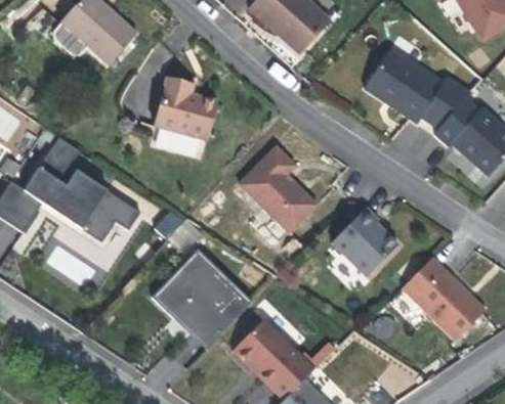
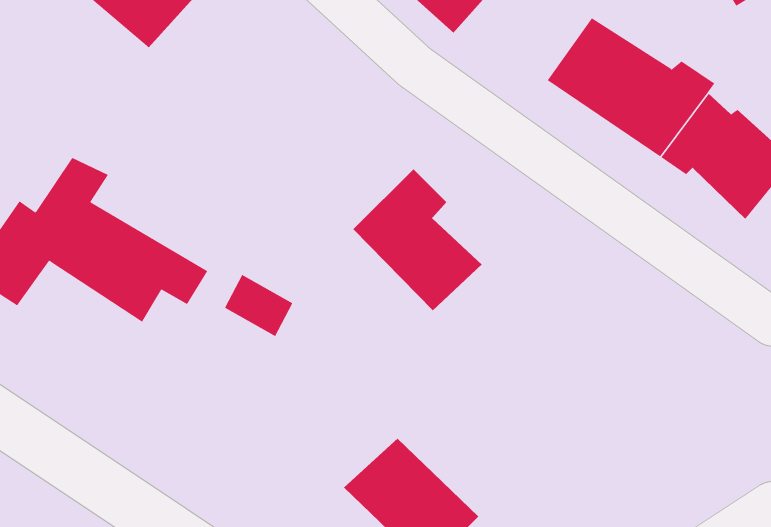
building: [155,81,218,141] -> none
building: [332,206,397,276] -> none
building: [155,249,251,344] -> none
building: [402,255,488,341] -> none

